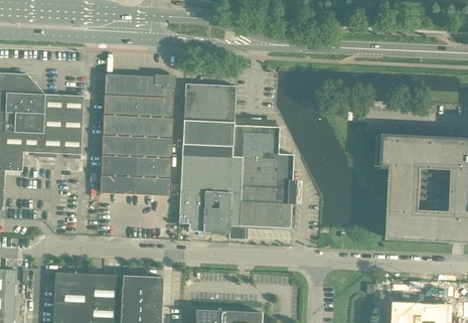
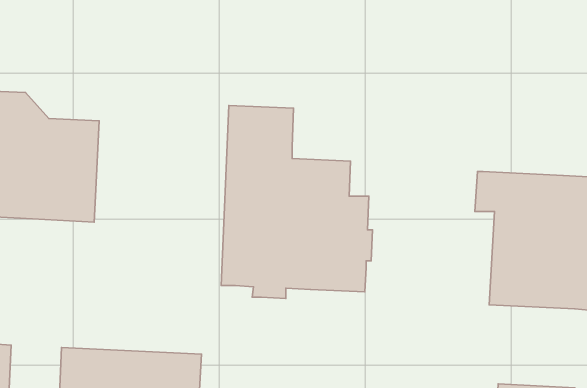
building: [100,73,175,196] -> none

